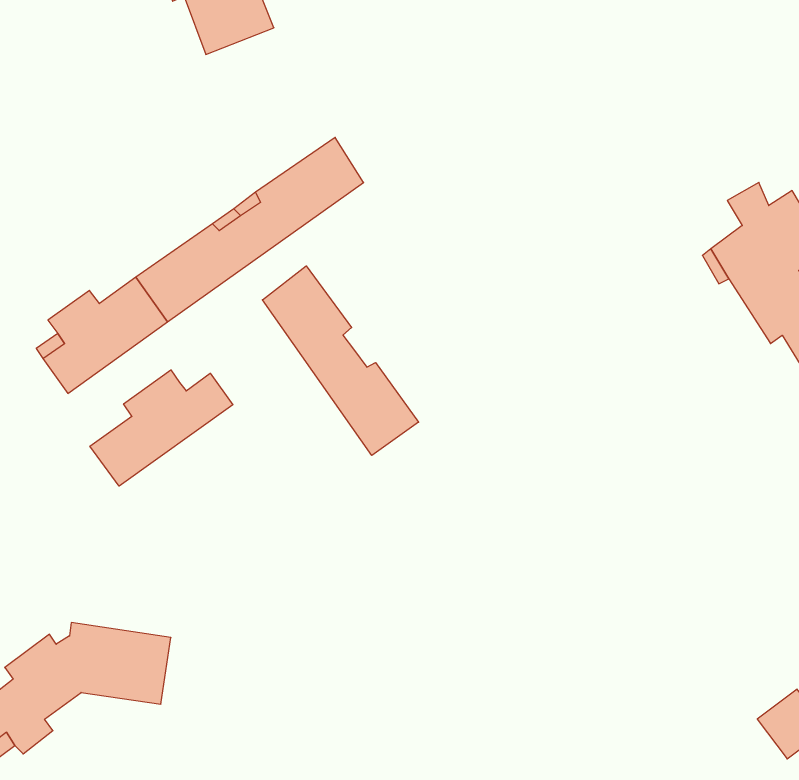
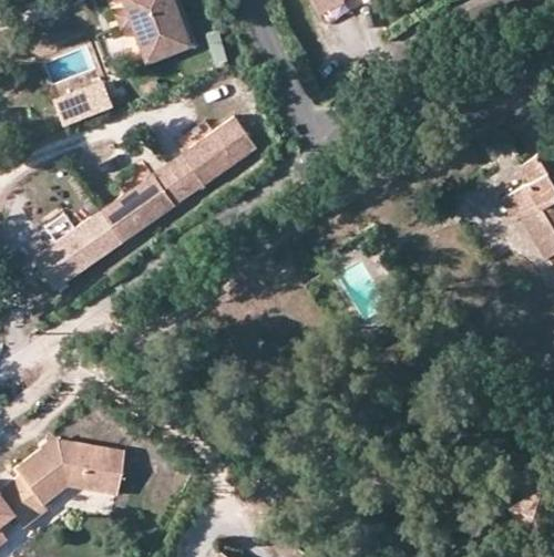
building: none -> [58,80,115,123]
building: [262,266,419,455] -> none
building: [90,370,233,486] -> none

